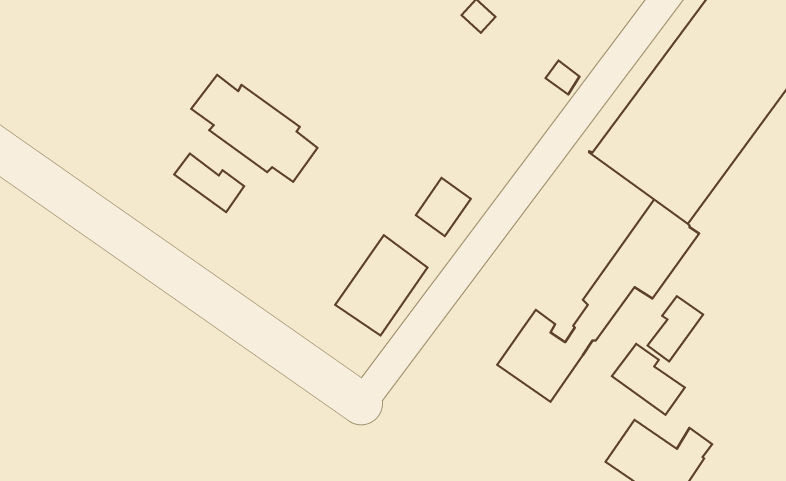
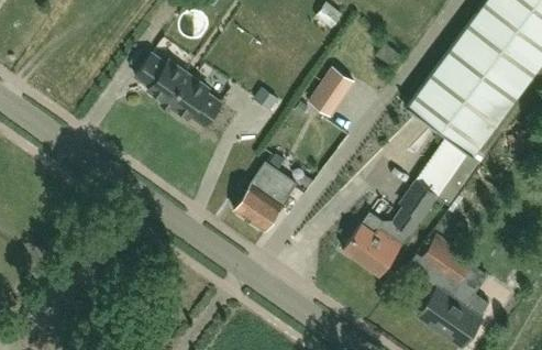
building: [174,154,244,212] -> none
building: [416,178,471,236] -> [316,66,353,106]
building: [648,296,703,362] -> none

